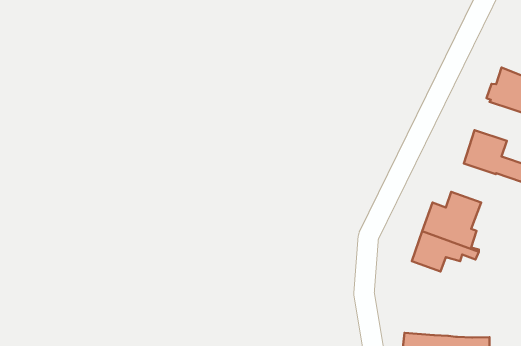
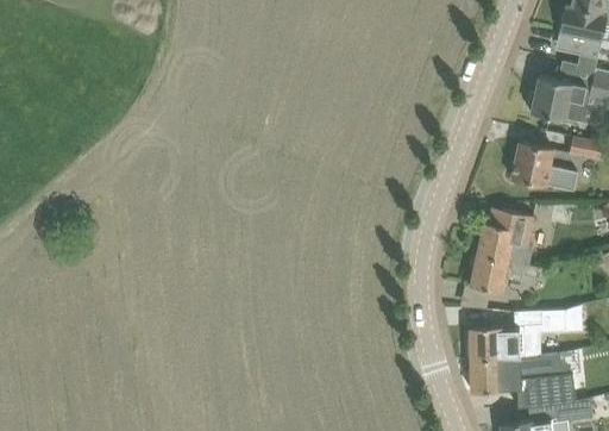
building: none -> [466,310,565,361]

